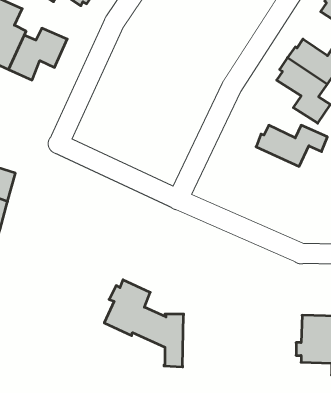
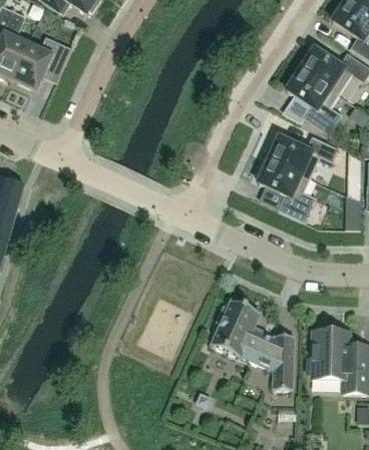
building: none -> [258,157,317,221]
building: [104,280,184,367] -> [212,300,293,389]

